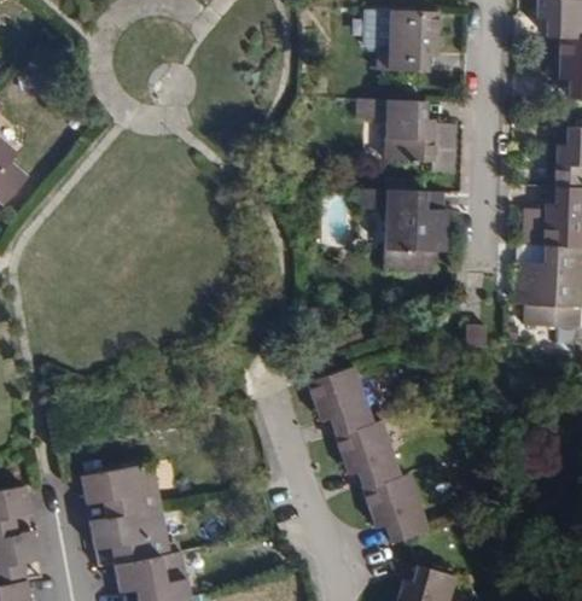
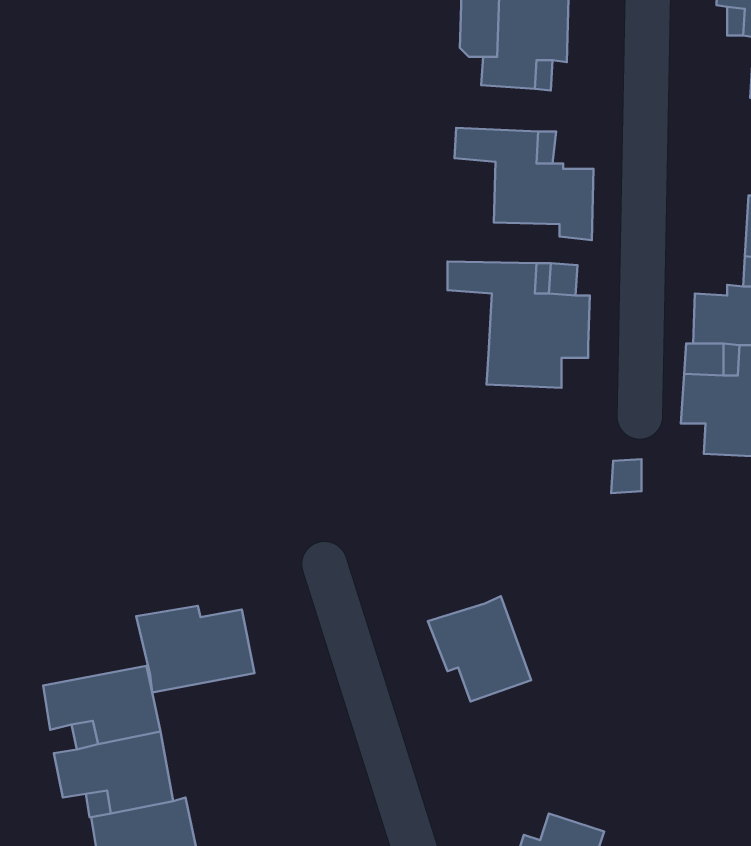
building: [312,364,379,433] -> none
building: none -> [136,606,255,693]
building: [369,471,437,539] -> none

